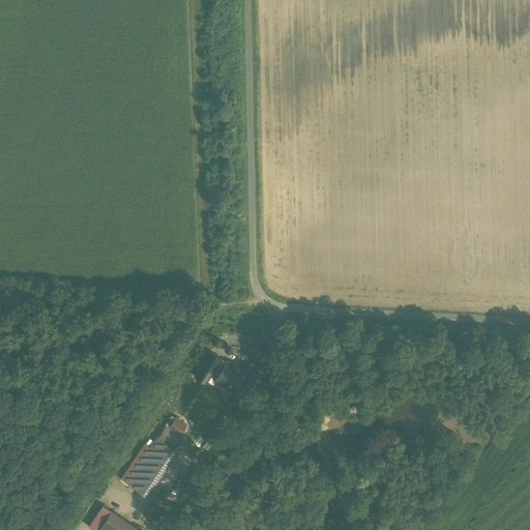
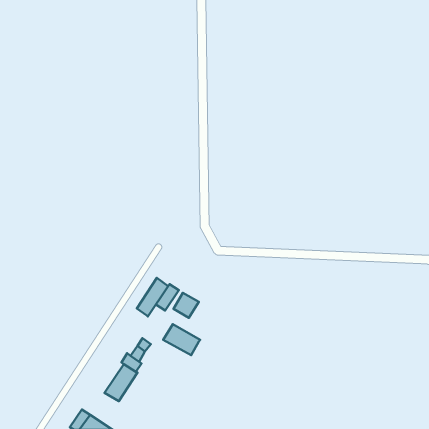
building: none -> [137,278,168,316]
building: none -> [163,324,200,355]

